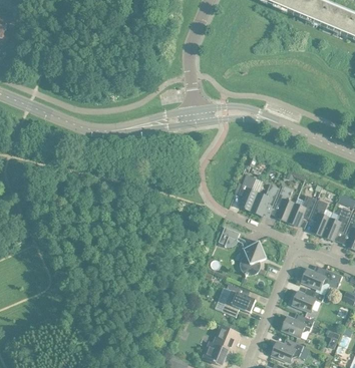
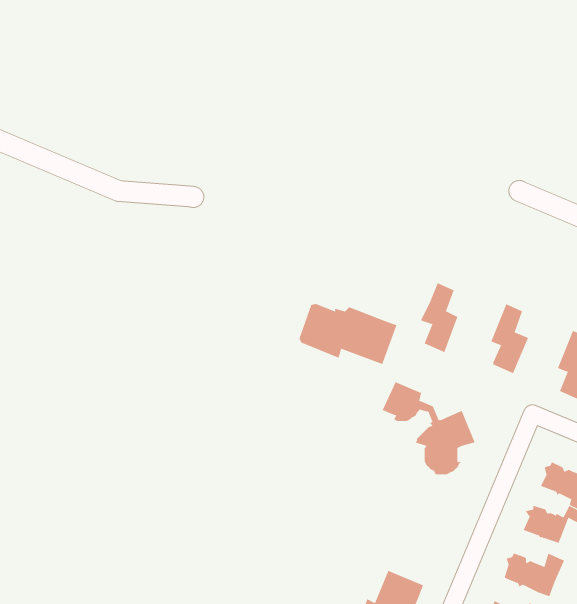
building: [251,183,280,215] -> none
building: none -> [299,303,397,365]
building: [287,195,316,226] -> none
building: [222,282,256,317] -> none

